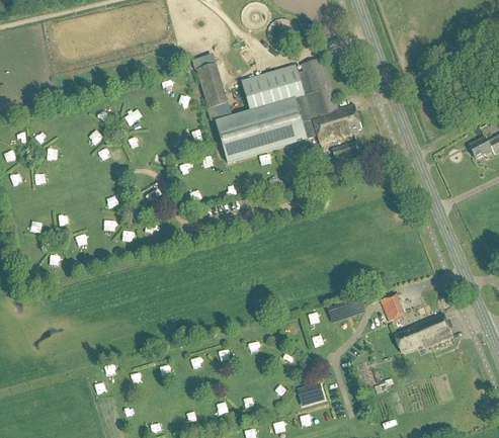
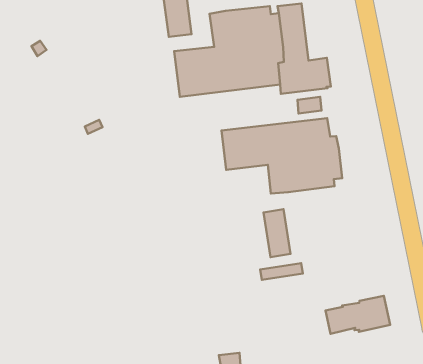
building: none -> [222,118,342,193]
building: none -> [264,209,290,257]
building: [380,292,404,321] -> none

